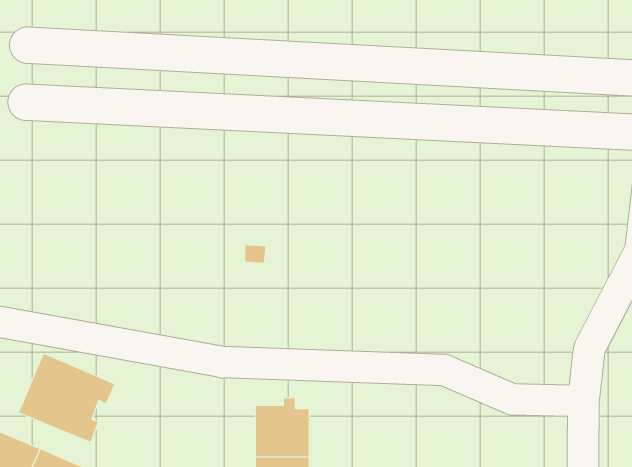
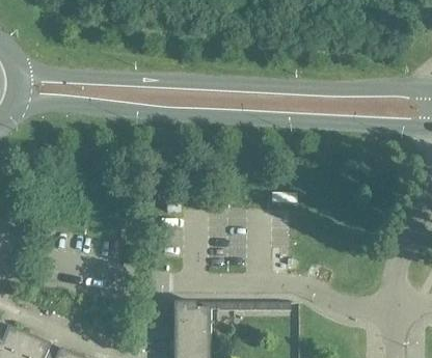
building: [18,353,115,443] -> none

